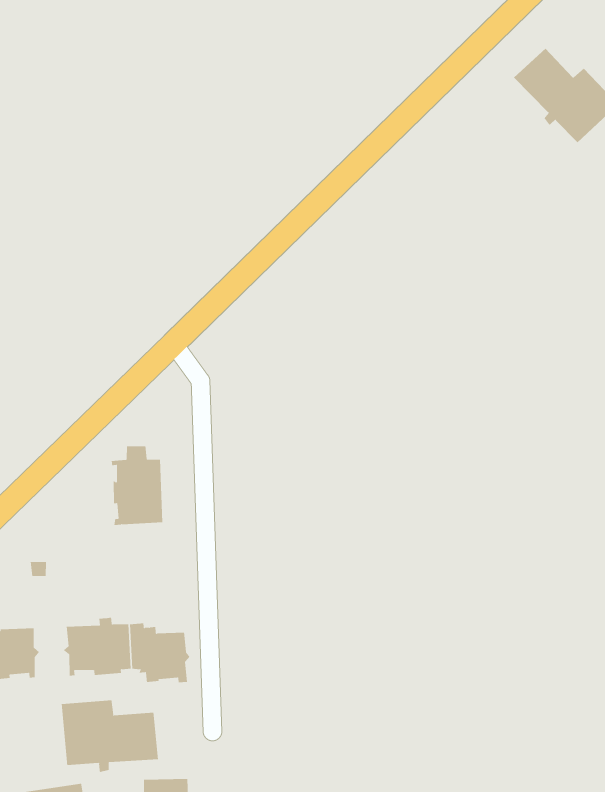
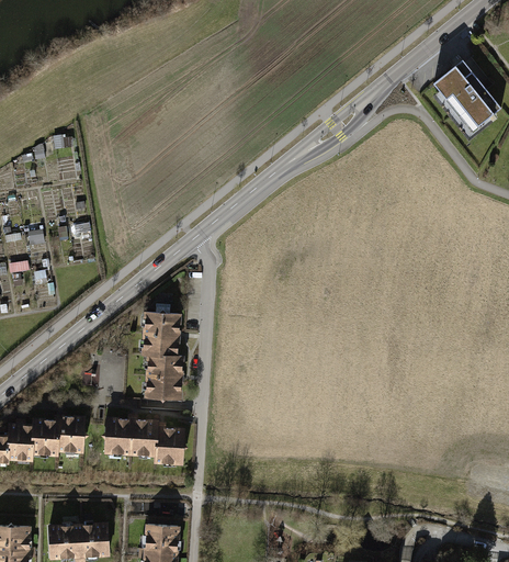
building: none -> [146,356,181,401]
building: [61,699,159,773] -> none

